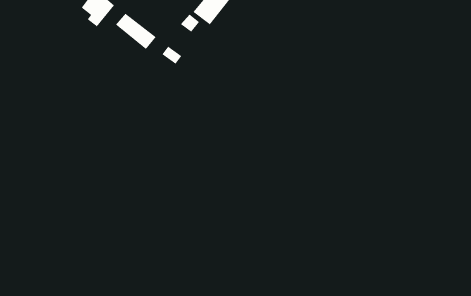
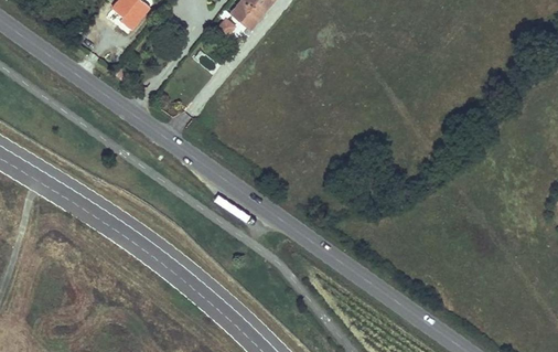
building: [115,13,157,50] -> none

